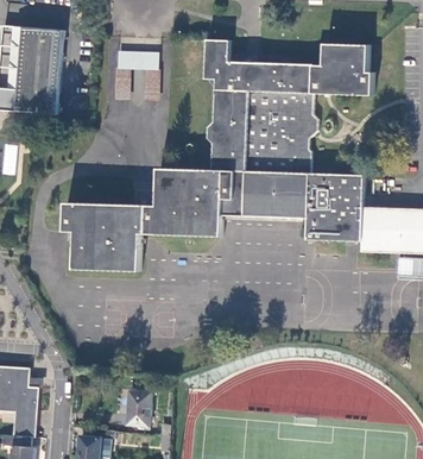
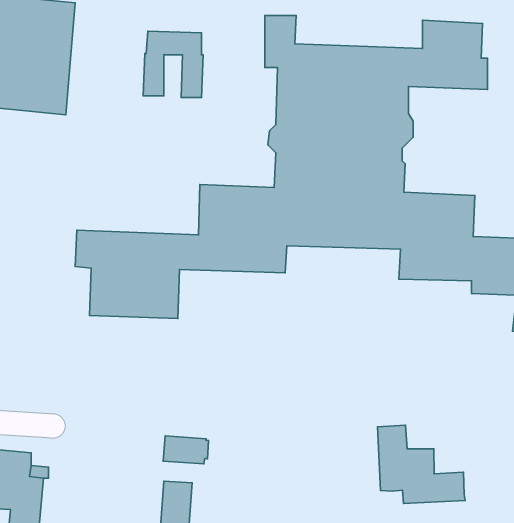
building: none -> [377,425,465,503]
building: none -> [163,436,209,464]

